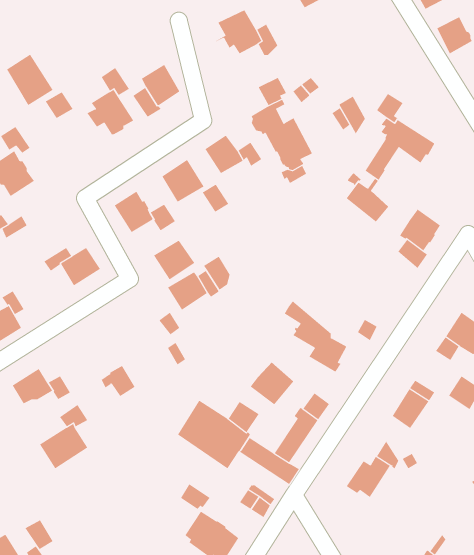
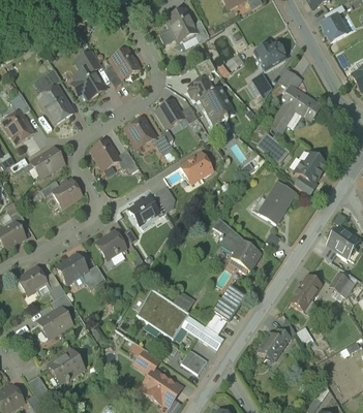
building: none -> [253,38,284,70]
building: [6,54,54,106] -> [38,87,72,124]
building: none -> [30,149,61,178]
building: none -> [179,152,212,183]
building: [153,240,195,280] -> [95,230,125,259]
building: none -> [258,181,295,223]
building: none -> [56,253,87,283]
building: [250,362,294,405] -> none
building: none -> [48,349,83,382]

